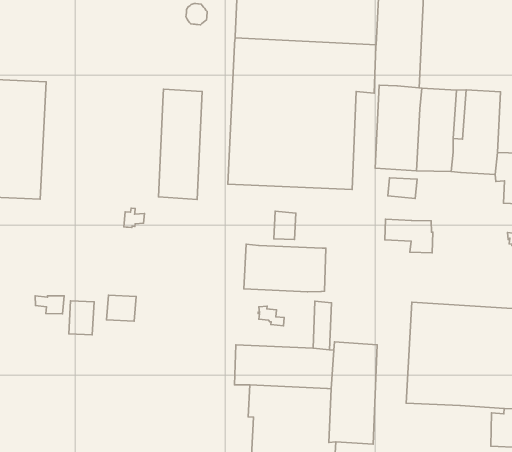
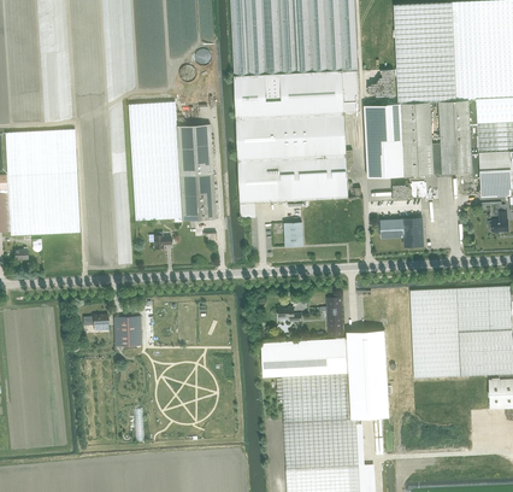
building: none -> [128,102,182,223]
building: [244,244,326,292] -> none
building: [107,295,136,321] -> none

